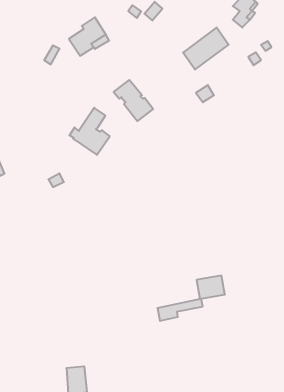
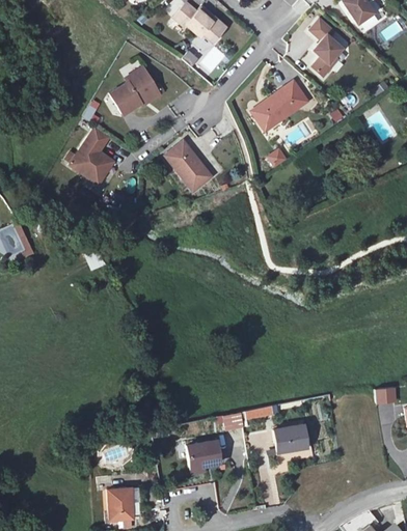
building: [69,108,110,155] -> [64,128,113,185]
building: [197,276,225,299] -> [275,425,309,453]
building: none -> [186,440,220,469]

